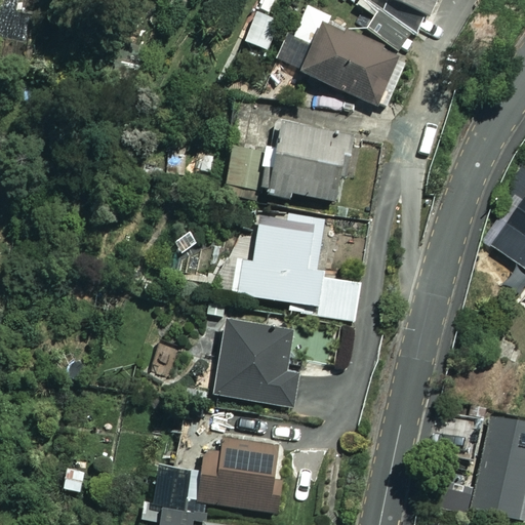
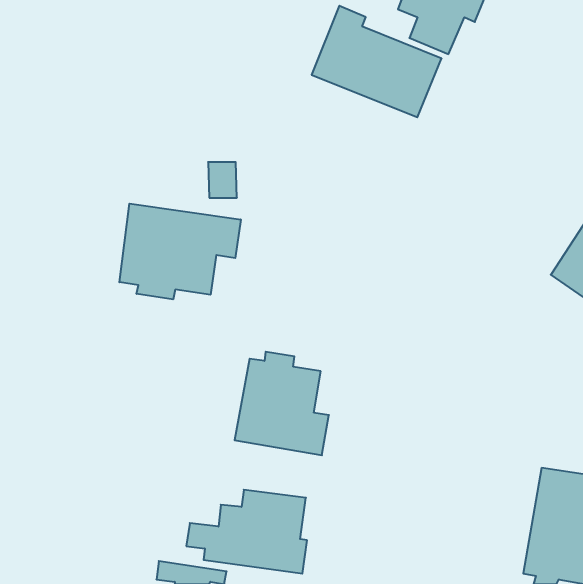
building: [227,122,348,202] -> none
building: none -> [119,204,241,299]
building: [238,209,360,319] -> none

